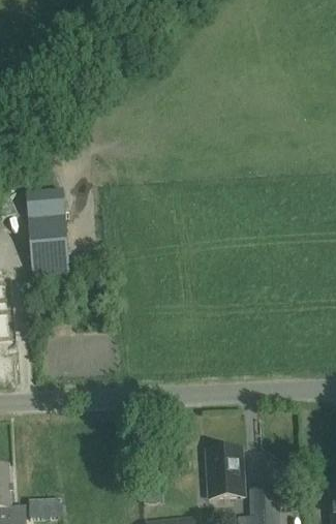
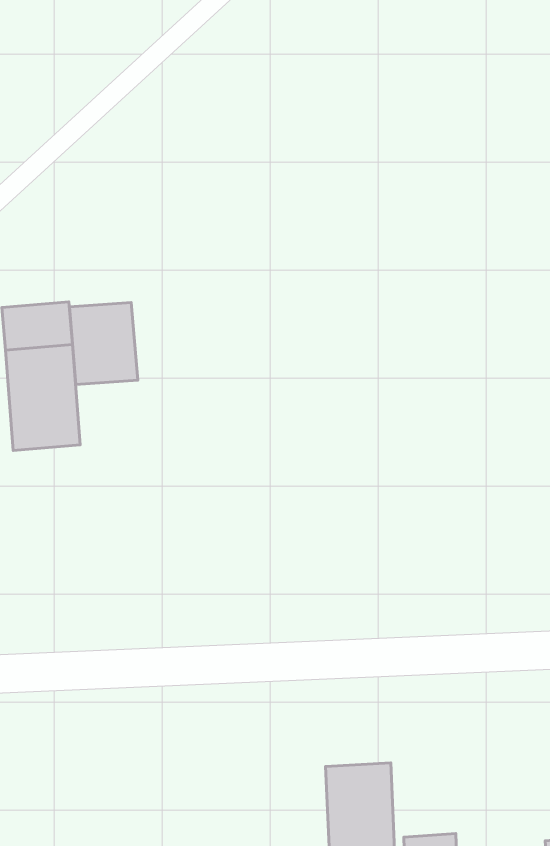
building: none -> [69,302,138,384]

